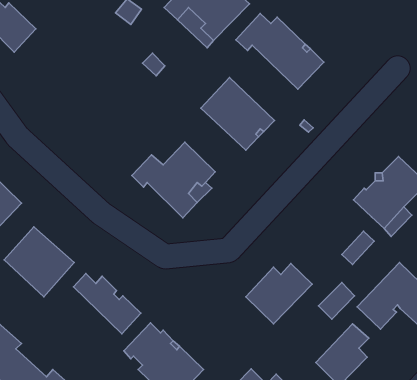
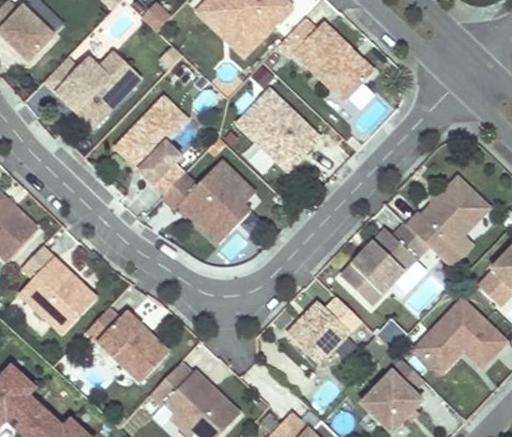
building: none -> [44,51,141,127]
building: none -> [116,96,188,183]
building: none -> [341,224,427,304]

